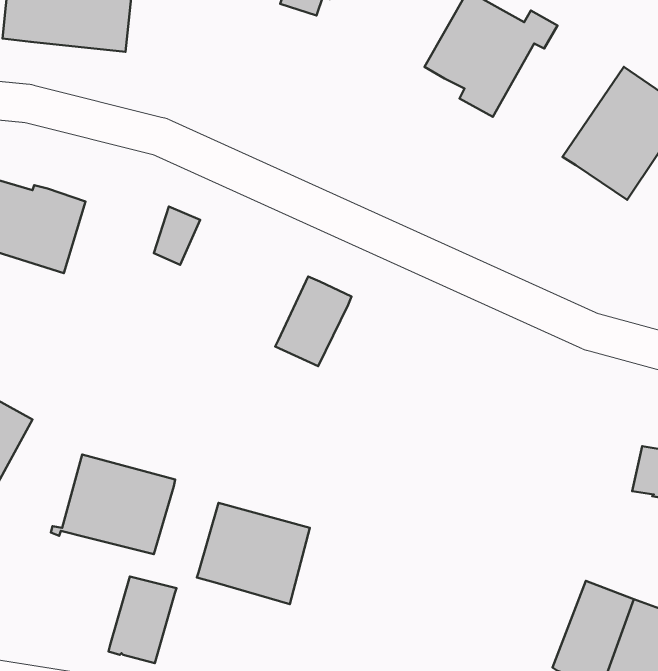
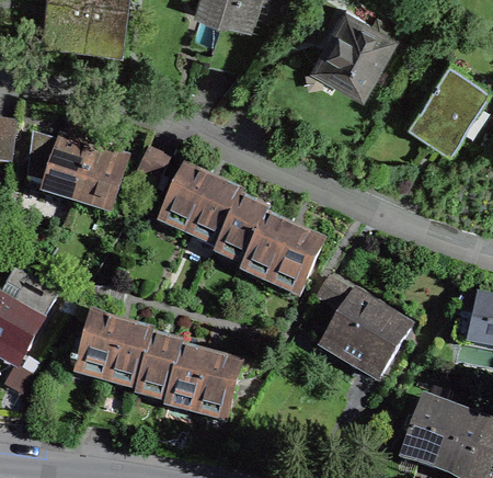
building: none -> [79,148,128,206]
building: none -> [162,167,242,239]
building: none -> [244,216,323,289]
building: none -> [318,278,410,378]
building: [108,577,176,663] -> [137,335,182,392]

